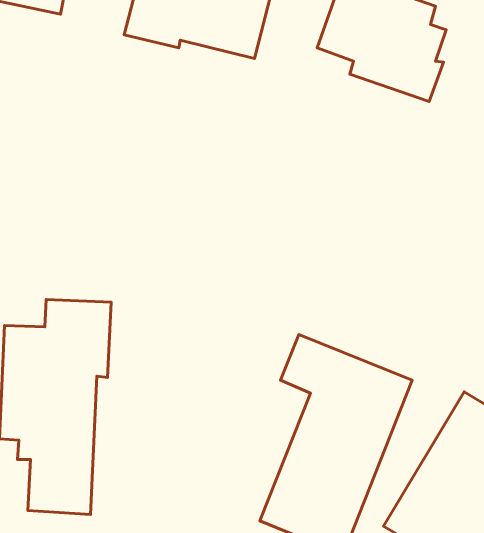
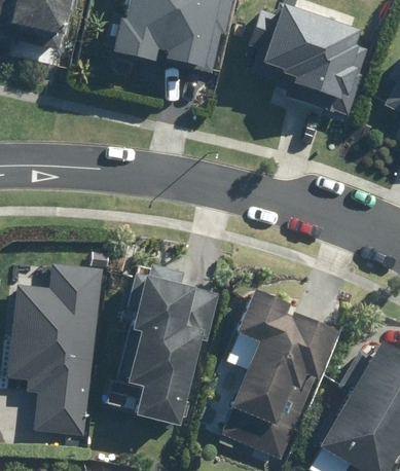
building: none -> [121,263,221,426]

